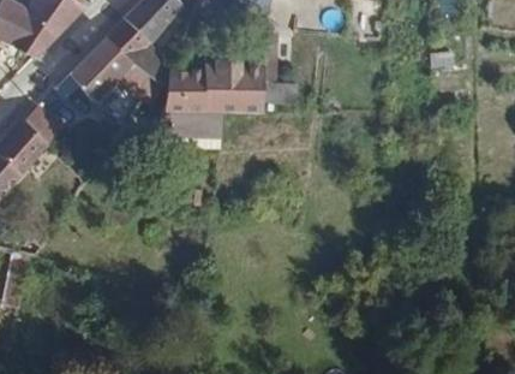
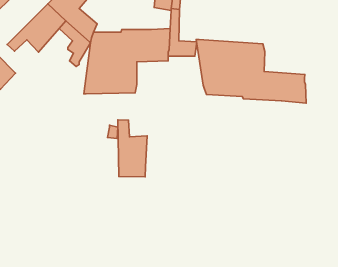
building: none -> [196,39,306,103]
building: none -> [118,120,147,177]

